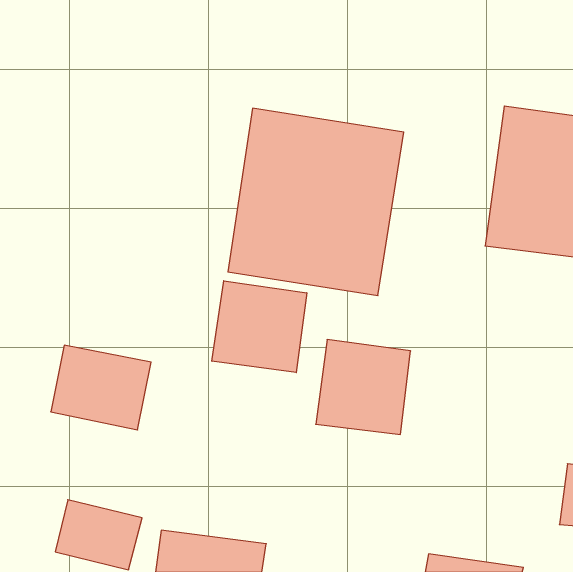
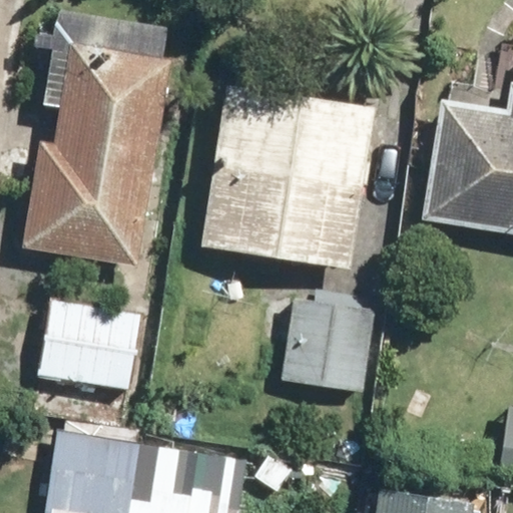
building: none -> [35,53,160,264]
building: [212,281,307,373] -> none

